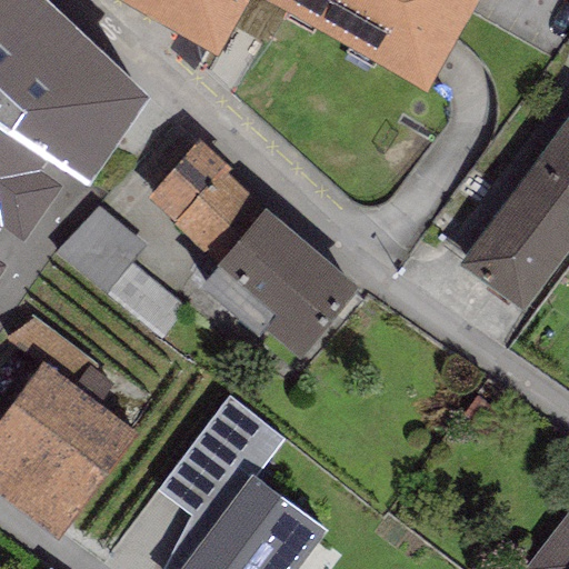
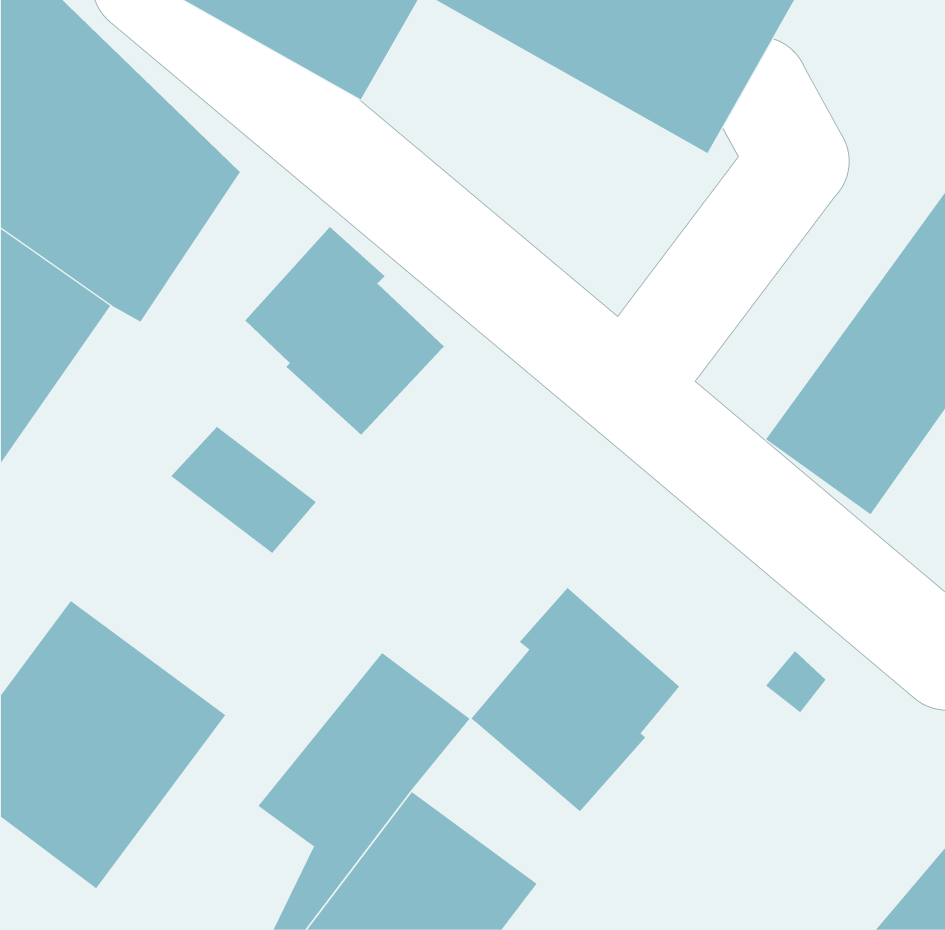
building: [58,199,146,286] -> none
building: [199,210,358,359] -> none
building: none -> [471,587,680,812]

